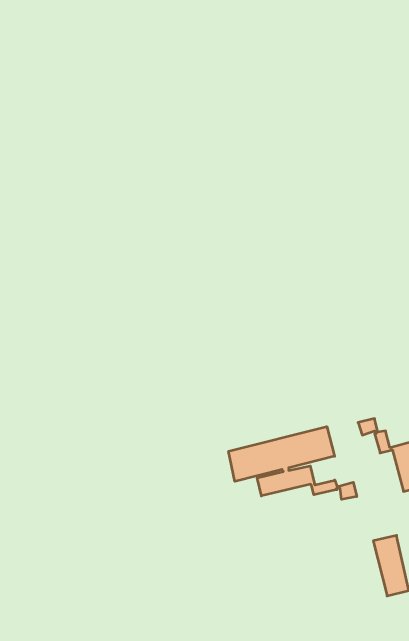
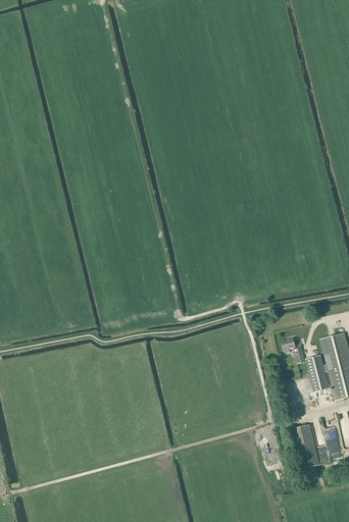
building: [229,427,357,499] -> none

